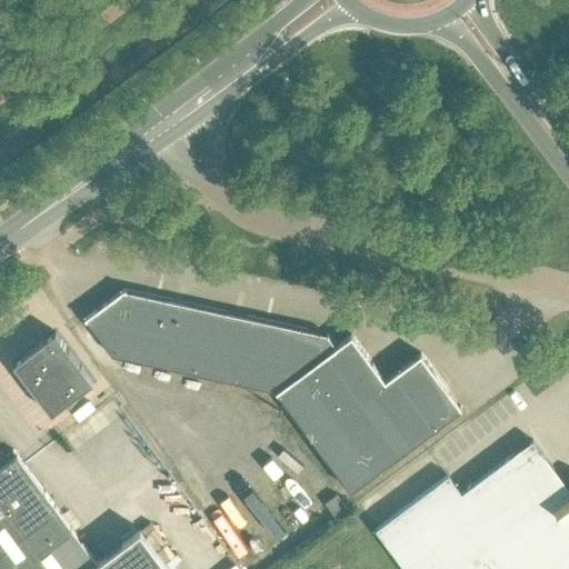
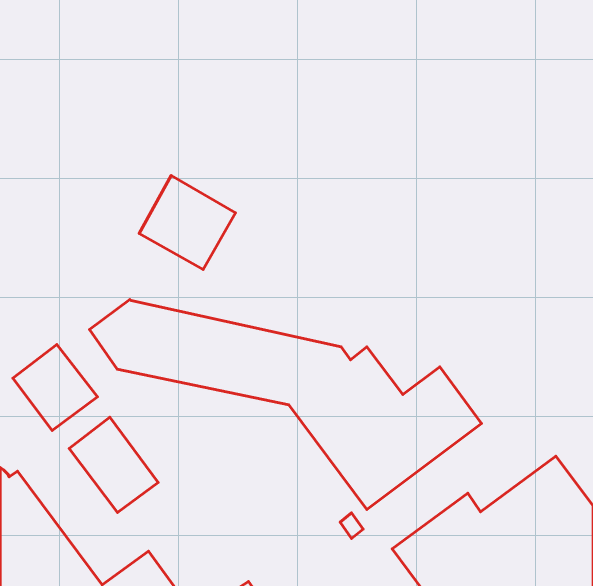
building: none -> [139,175,235,269]
building: none -> [69,417,158,513]

